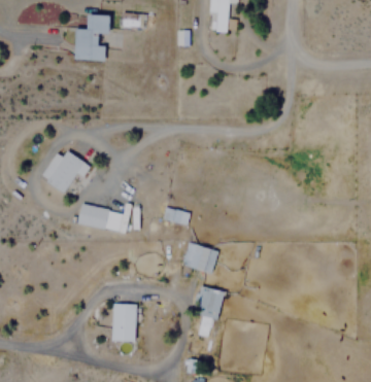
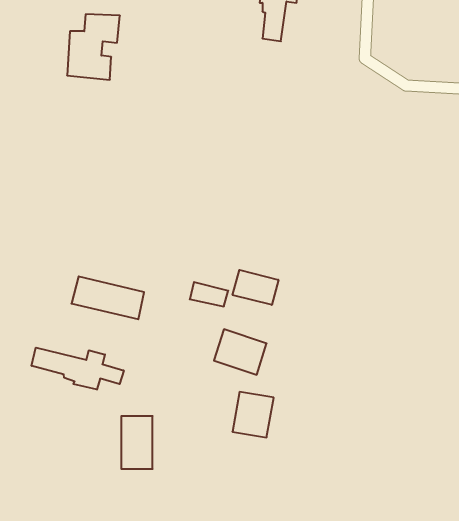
building: [41,149,91,192] -> none
building: none -> [233,270,278,305]
building: none -> [32,348,124,390]

